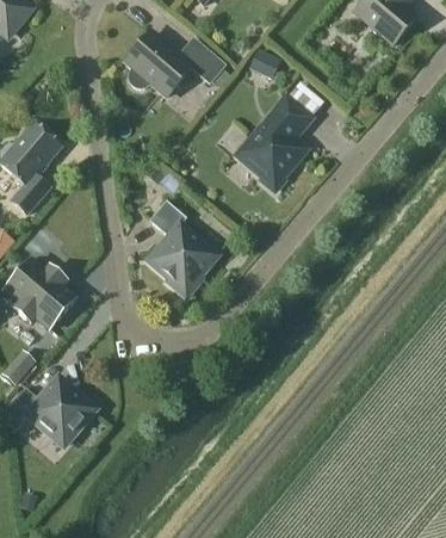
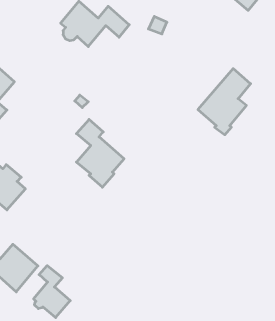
building: [237,95,312,190] -> [198,69,251,135]
building: none -> [34,266,70,318]

